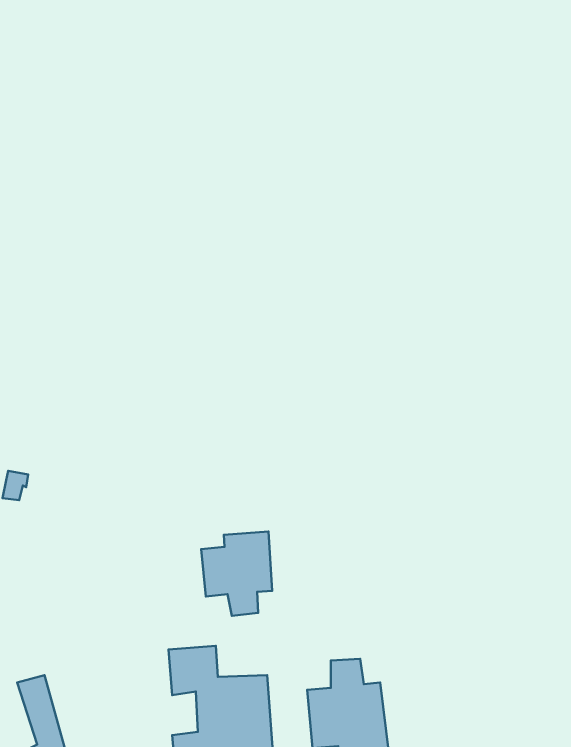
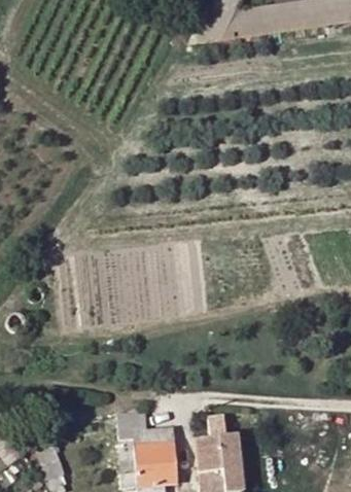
building: [201,531,272,616] -> none

